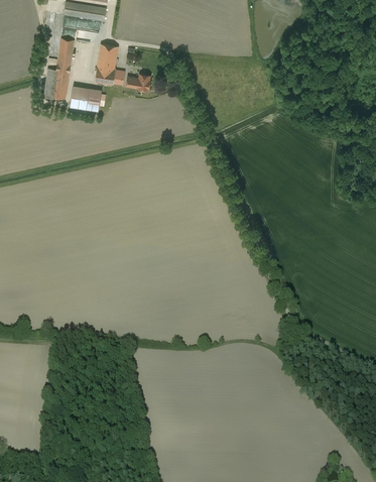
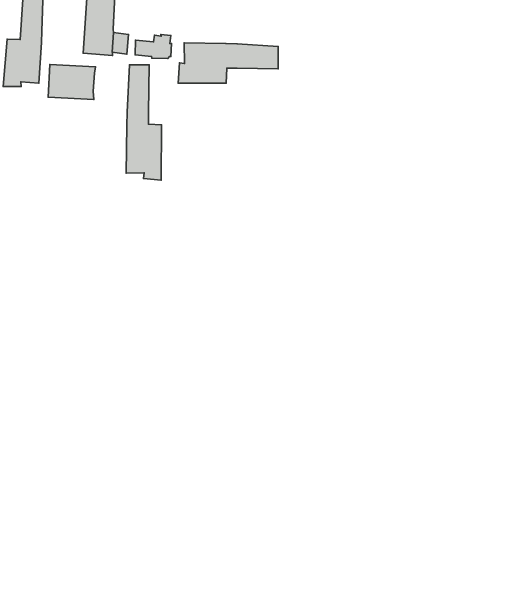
building: none -> [178,43,278,83]
building: none -> [126,65,161,180]

